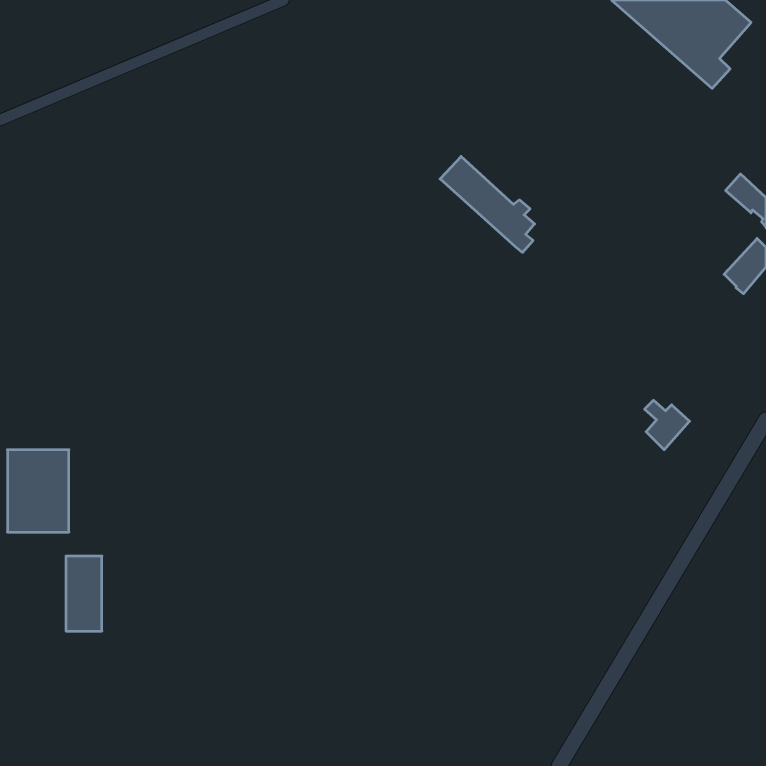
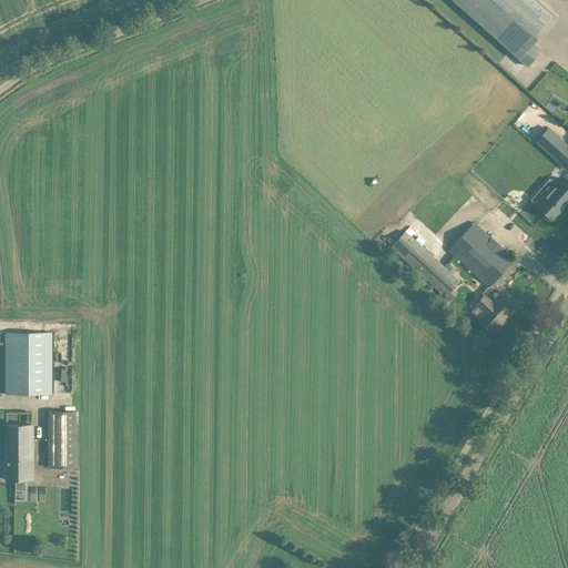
building: [440,156,535,252] -> [389,231,459,302]
building: none -> [449,222,514,285]
building: none -> [6,424,32,487]

